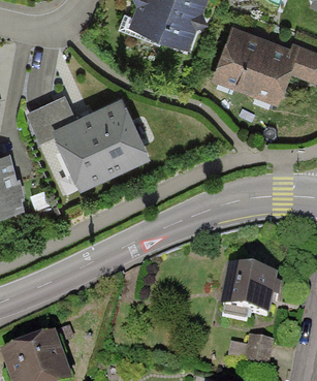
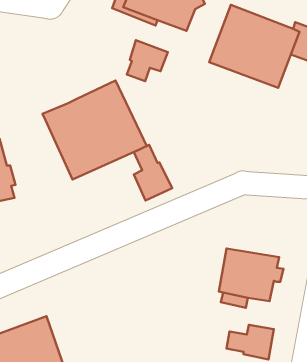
building: none -> [127,40,168,81]
building: [26,96,75,145] -> none
building: none -> [134,145,172,200]

